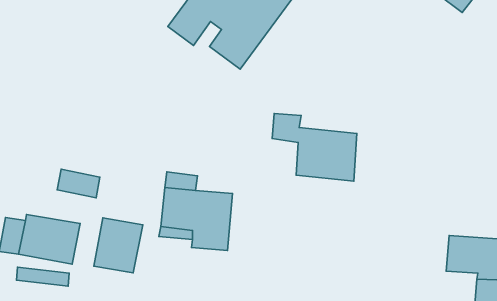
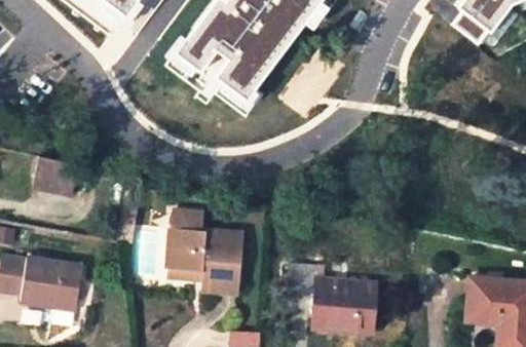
building: [272,114,357,181] -> [286,261,373,331]
building: [57,169,100,198] -> [33,154,77,184]
building: [94,218,143,273] -> none

